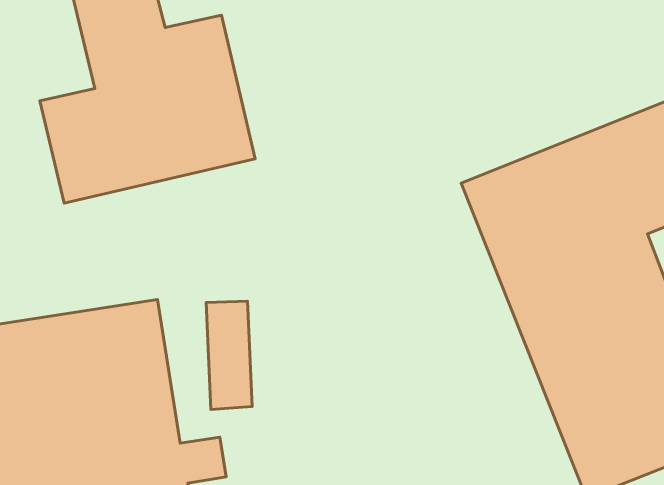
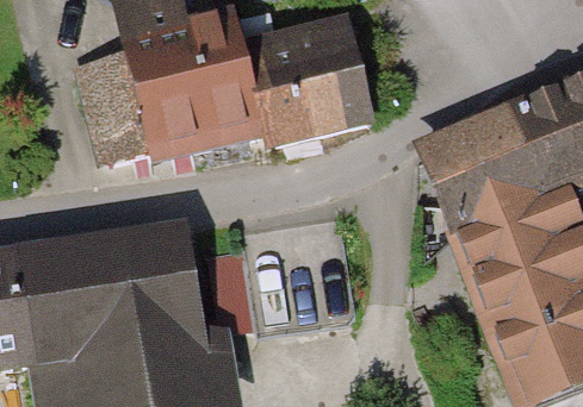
building: none -> [246,21,373,143]

